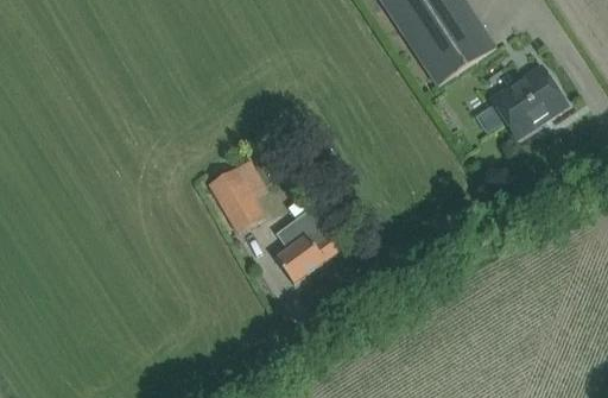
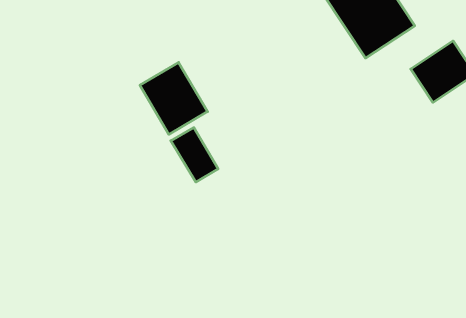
building: none -> [140,62,208,134]
building: [272,223,337,274] -> none

